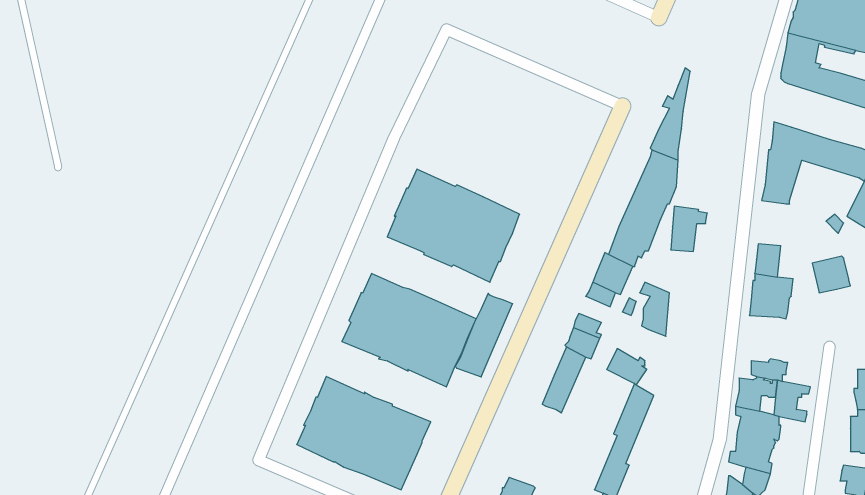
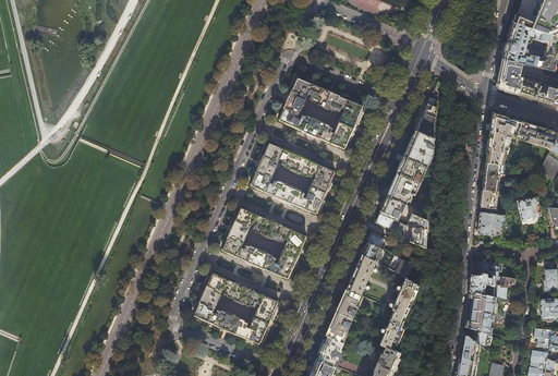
building: none -> [279,77,363,148]
building: [671,206,707,251] -> [483,162,506,191]
building: [455,293,513,377] -> [326,289,362,341]

